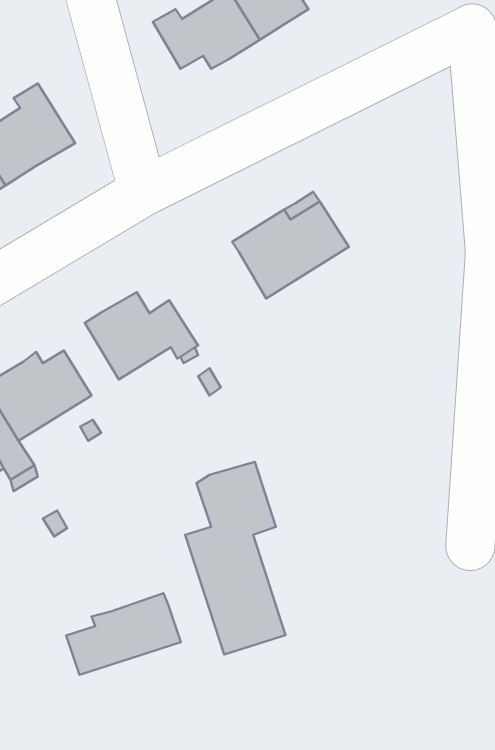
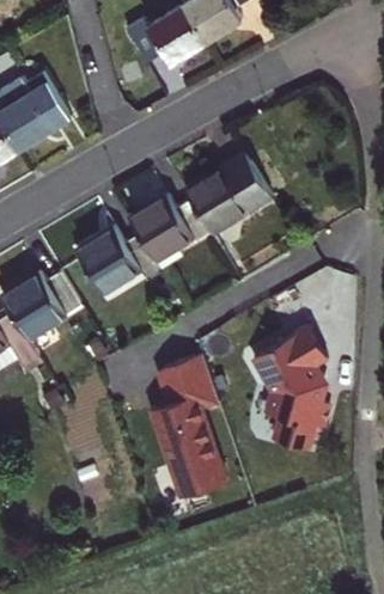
building: none -> [130,196,212,261]
building: none -> [245,329,321,452]
building: [66,593,181,675] -> none

